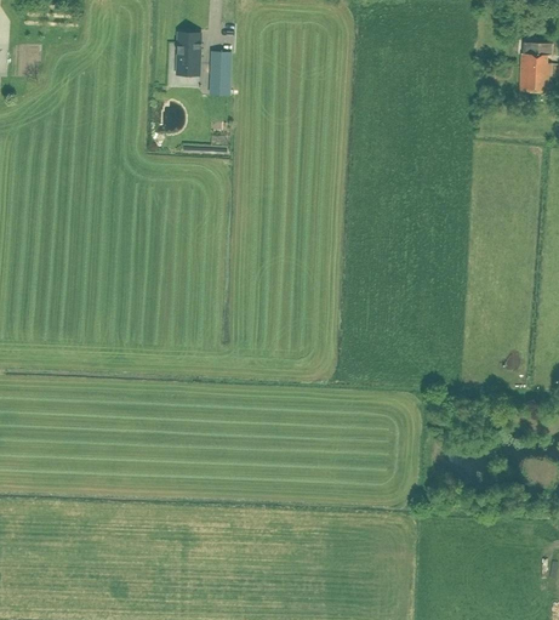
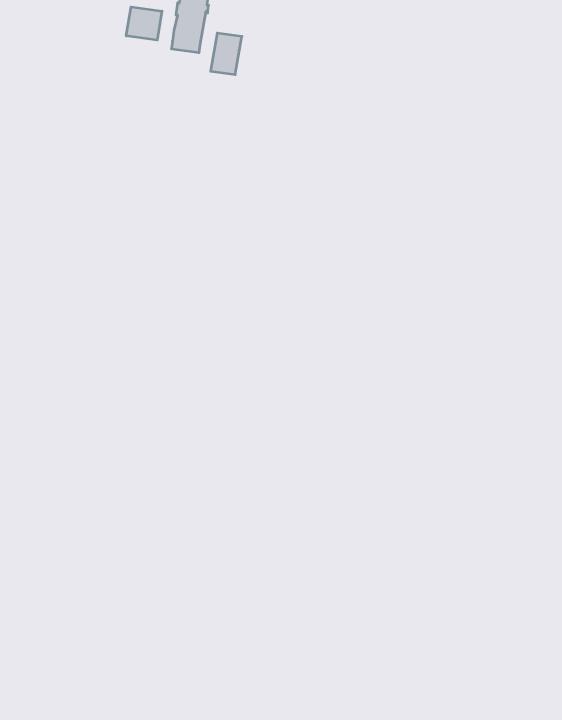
building: none -> [126,7,162,40]

